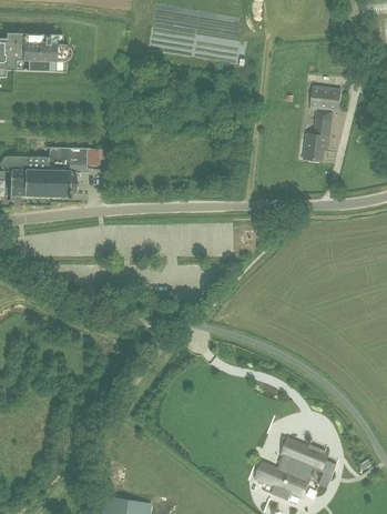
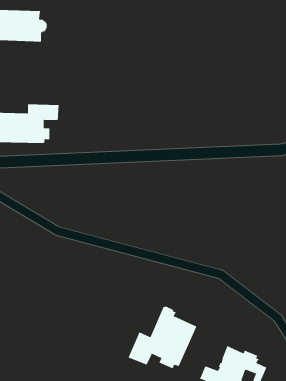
building: [304,87,340,161] -> none
building: none -> [128,306,197,369]

